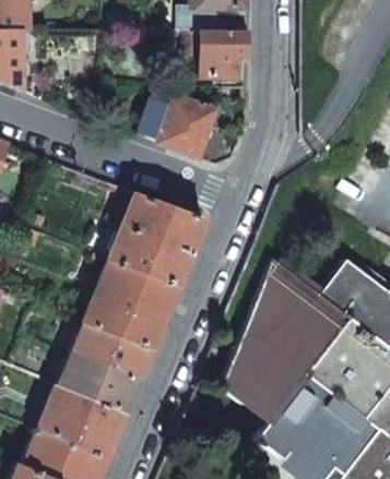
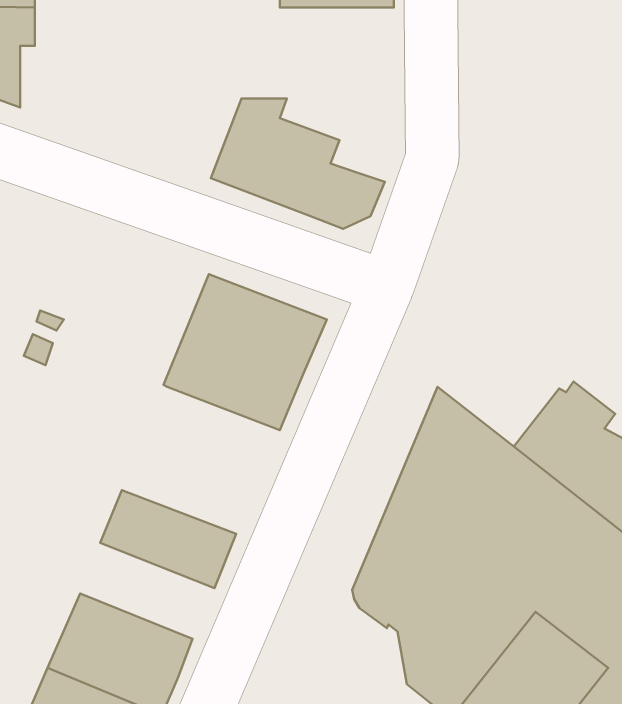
building: [186,31,247,86] -> none
building: [83,259,178,347] -> none
building: [58,352,139,410] -> none

